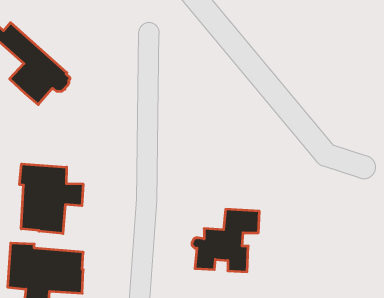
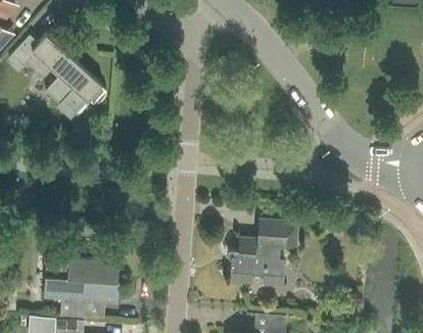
building: [20,164,83,234] -> none

